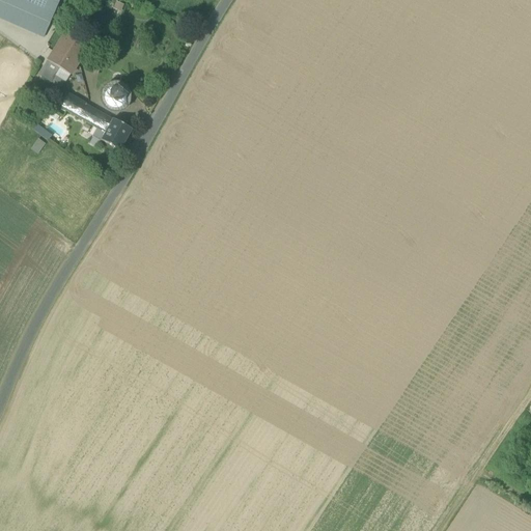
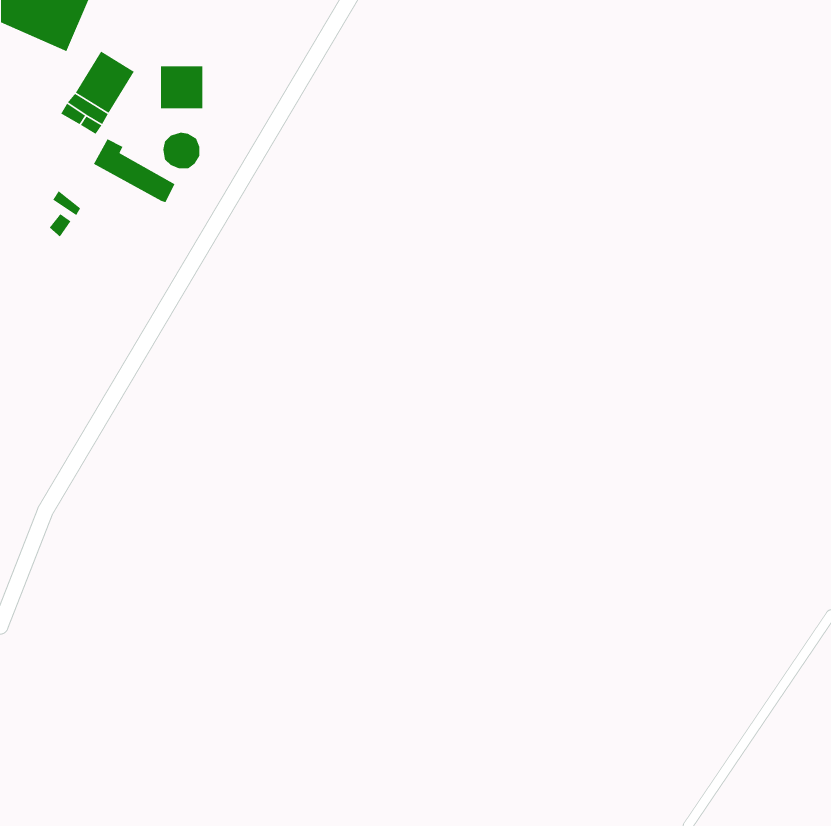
building: none -> [160,66,203,109]
building: [101,117,131,149] -> none

